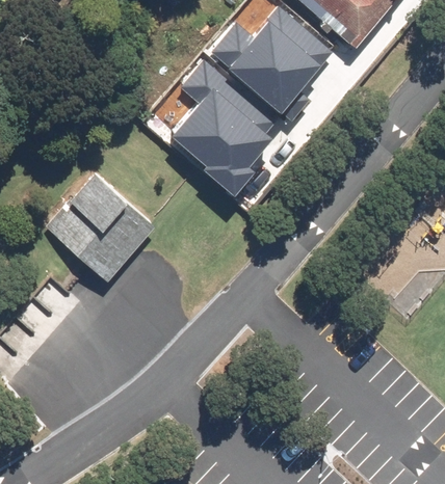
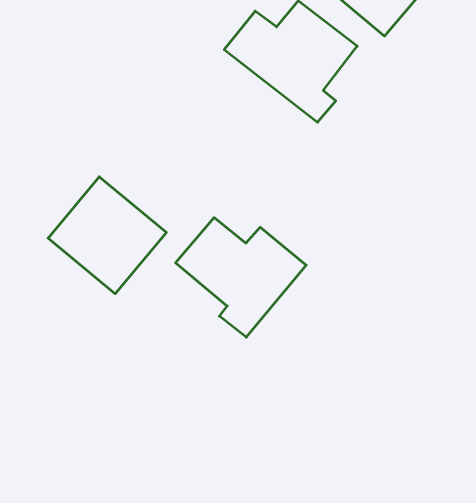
building: [175,68,274,195] -> none
building: none -> [176,218,306,337]

